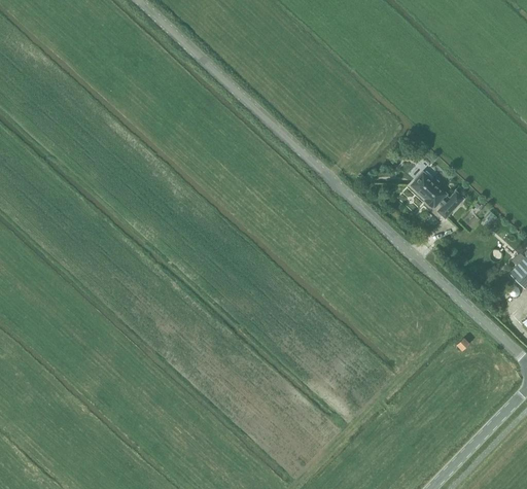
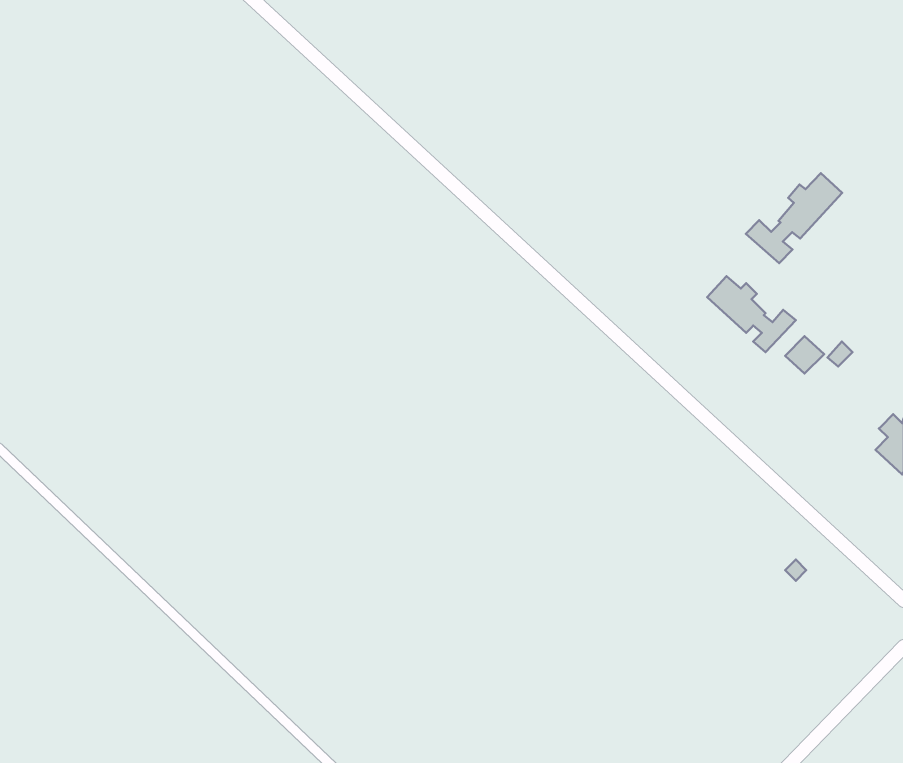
building: none -> [746,173,842,263]

